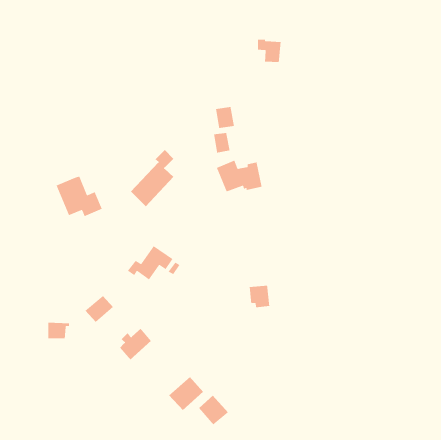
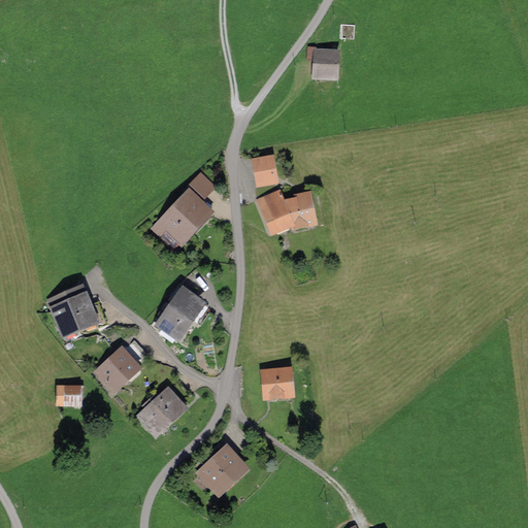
building: [215,106,235,129] -> none
building: [56,176,103,217] -> [50,284,106,333]
building: [249,285,270,308] -> [264,369,290,397]
building: [198,395,229,426] -> none

